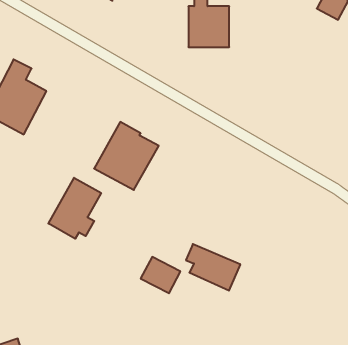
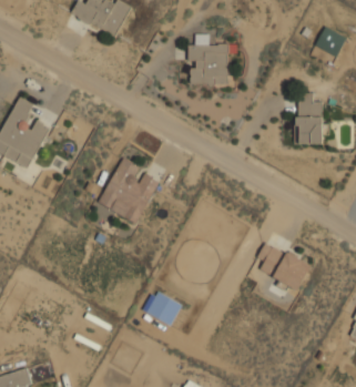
building: none -> [295,93,329,144]
building: [48,178,101,239] -> none
building: [186,244,240,291] -> [256,244,309,289]

